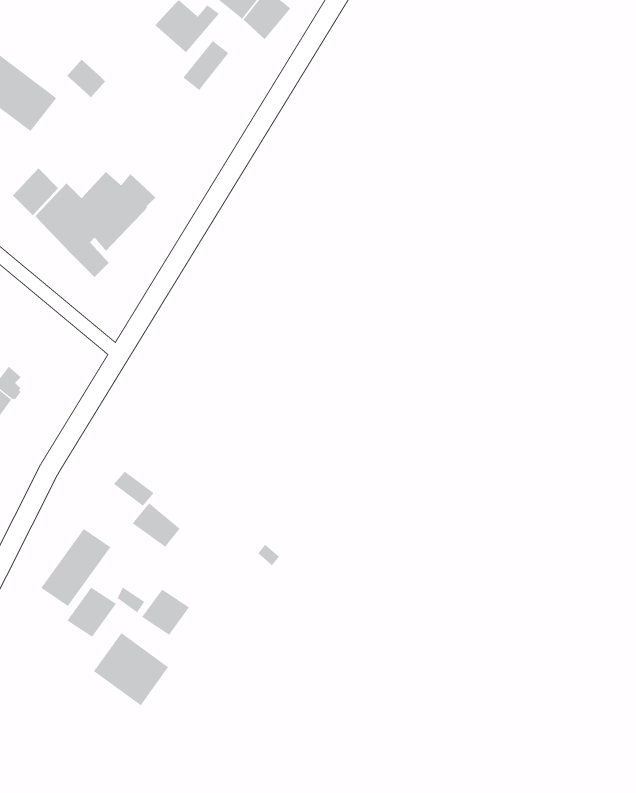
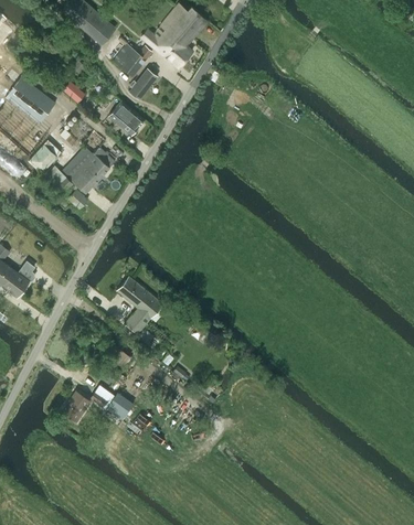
building: none -> [108,100,144,135]
building: none -> [117,276,162,333]
building: [41,528,111,607] -> none
building: [93,632,169,706] -> none

